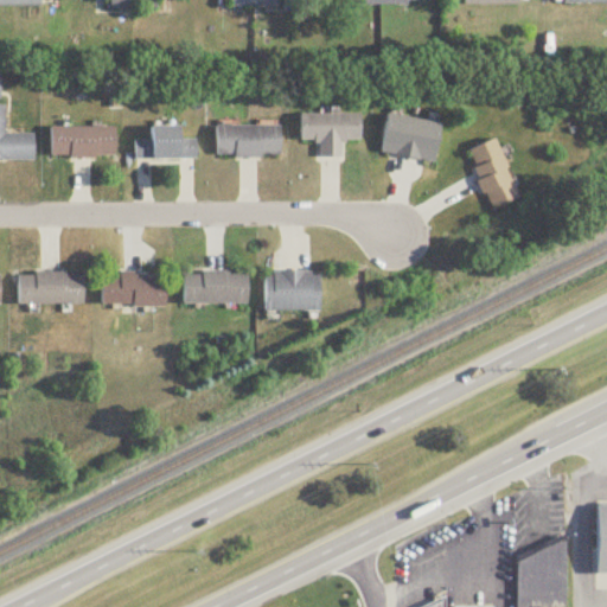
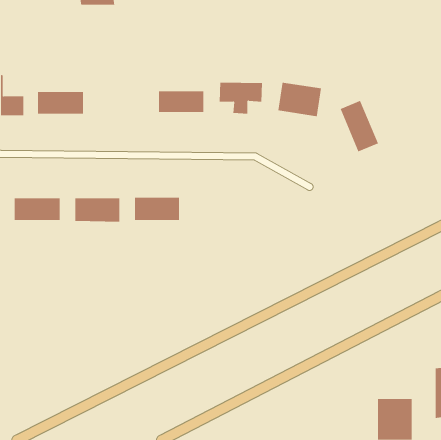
building: [136,126,197,158] -> none
building: [267,270,320,311] -> none

